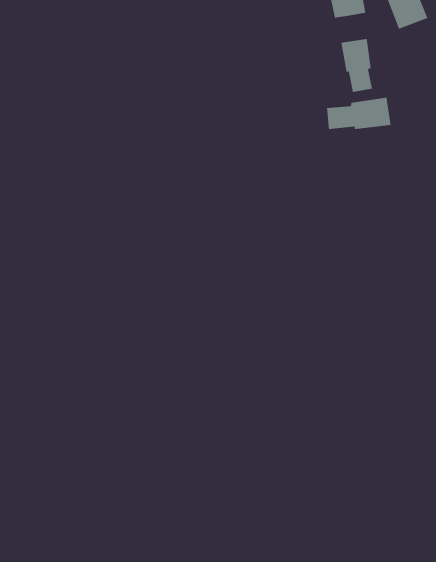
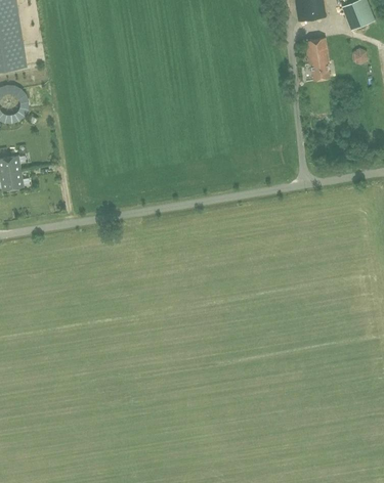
building: [327,97,391,130] -> none

